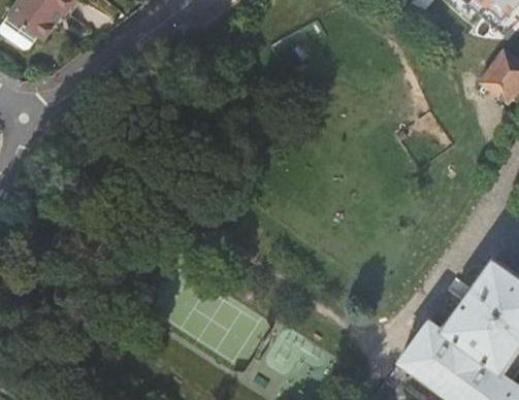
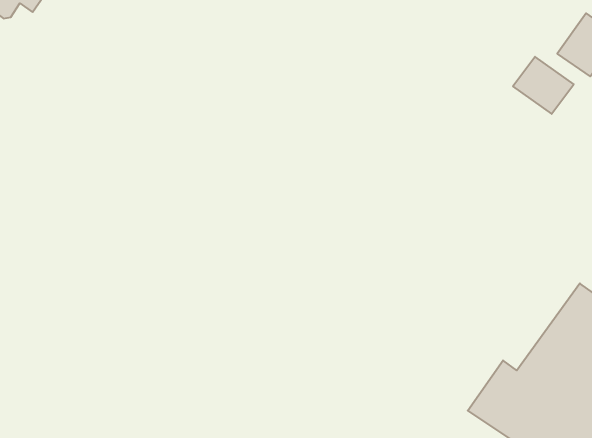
building: none -> [513,57,574,114]

